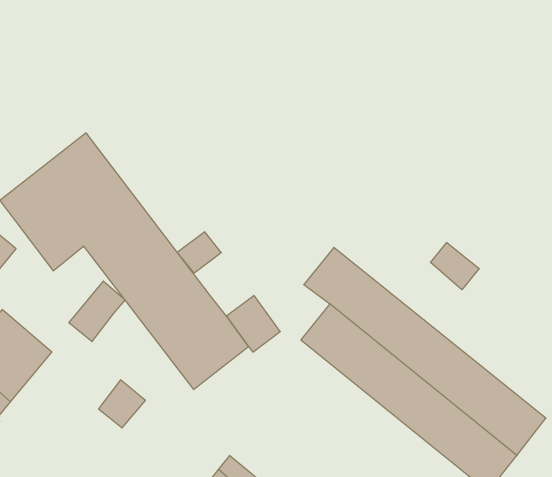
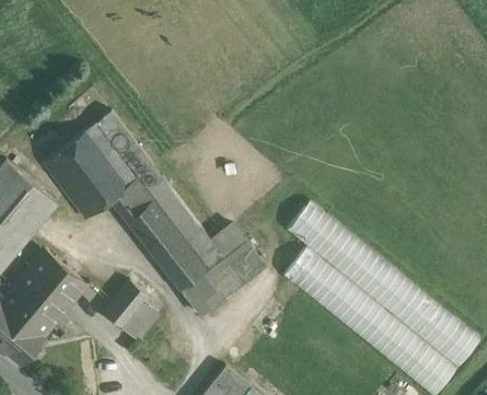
building: [177,232,221,273] -> [211,222,246,255]
building: [430,243,479,290] -> none
building: [69,281,125,342] -> [104,280,149,328]

